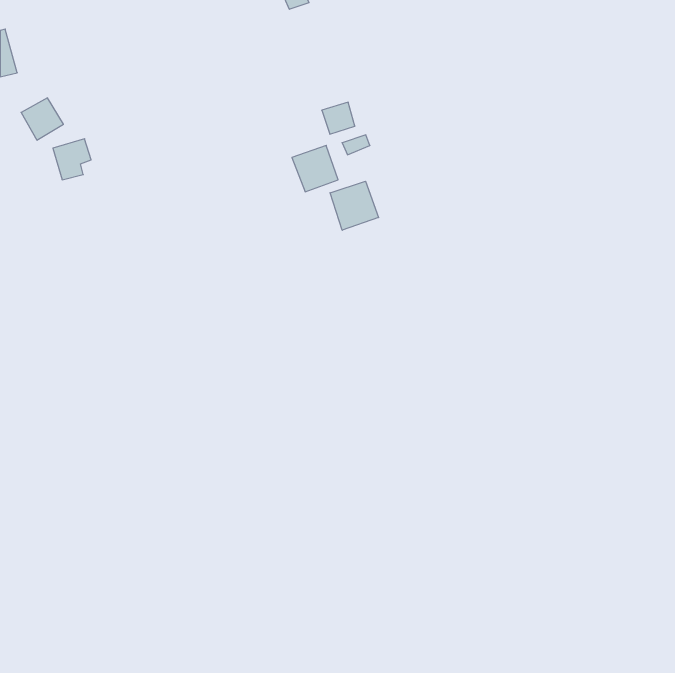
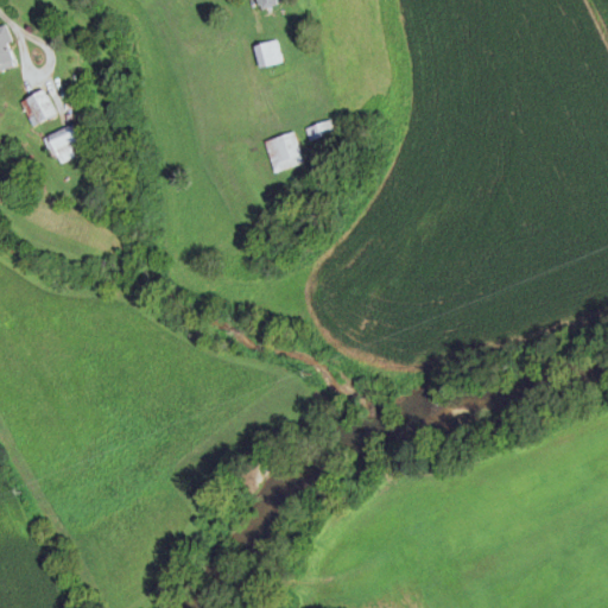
building: [322,102,355,134] -> [252,39,281,68]
building: [330,181,379,230] -> none

